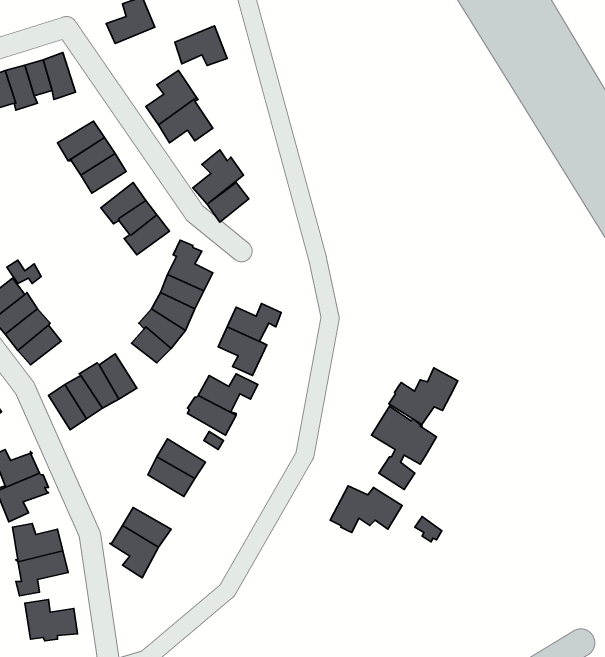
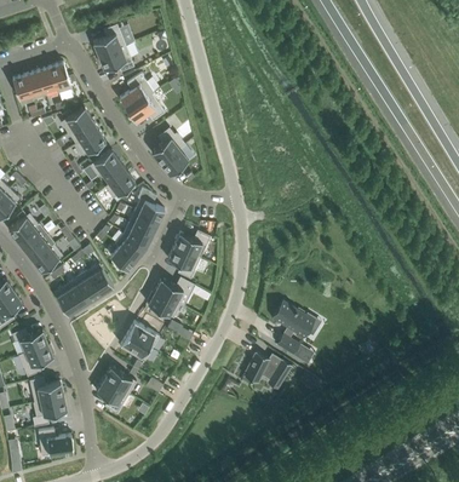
building: [175,26,227,66] -> [99,45,134,71]
building: [389,368,458,424] -> none

